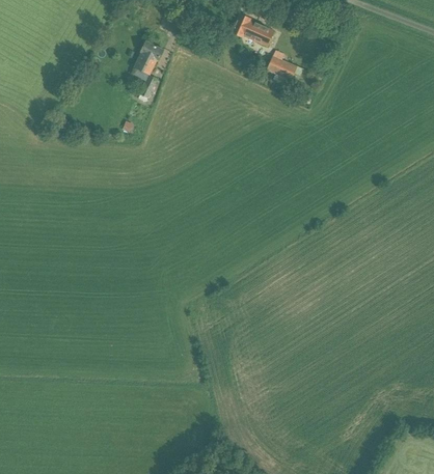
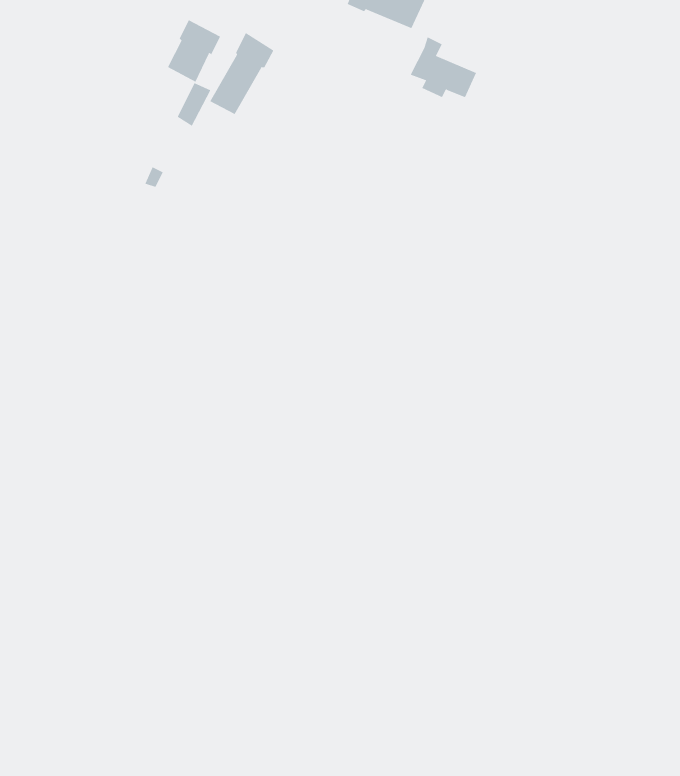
building: none -> [209,32,274,115]

